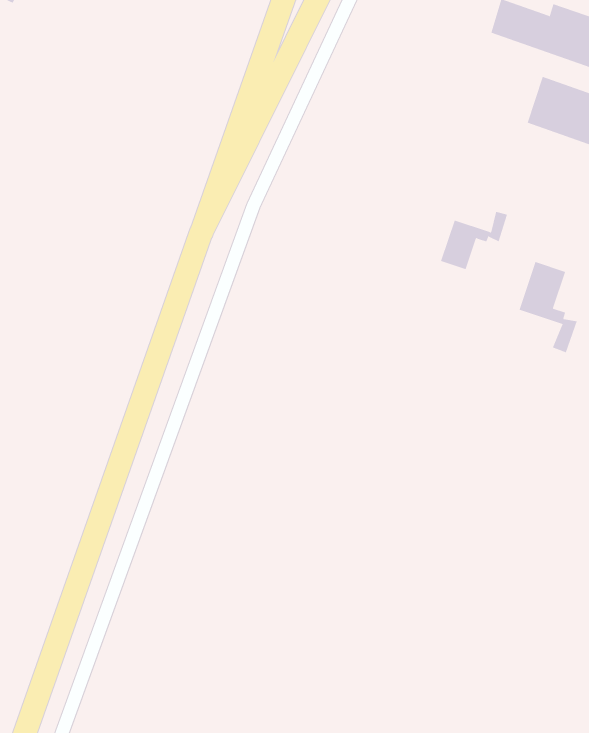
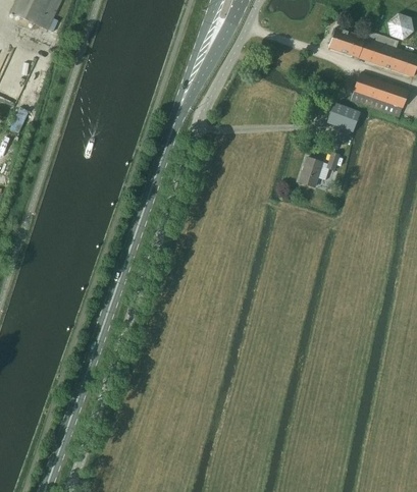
building: none -> [327,102,352,128]
building: [519,261,577,353] -> none

